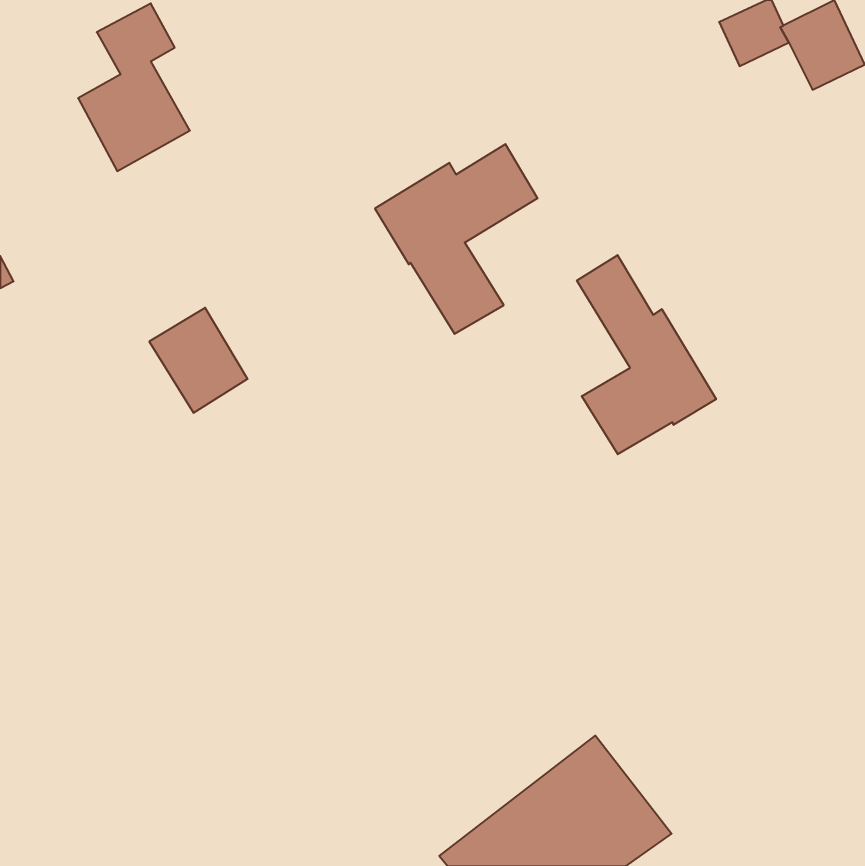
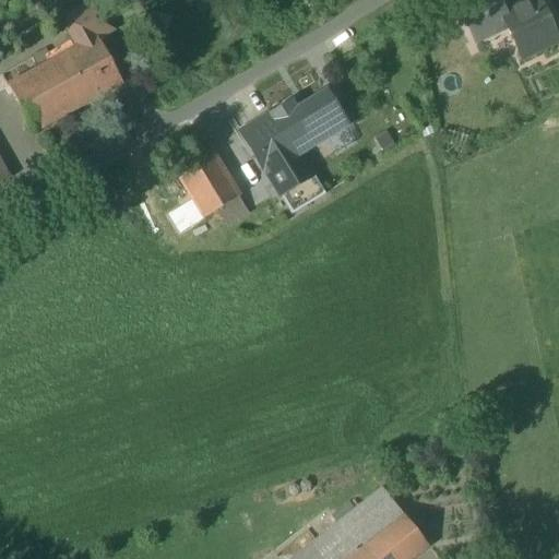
building: none -> [9,63,76,133]
building: [577,255,716,454] -> none
building: [149,308,248,413] -> [177,153,240,221]

